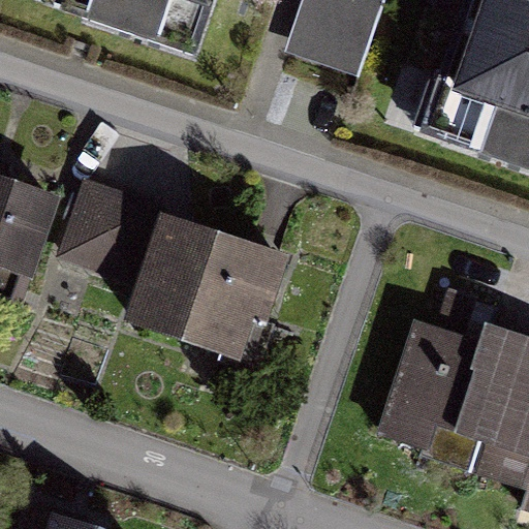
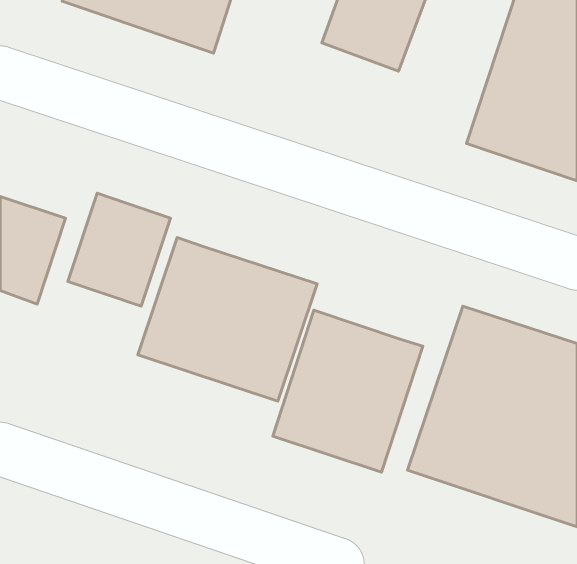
building: none -> [273,310,423,472]

